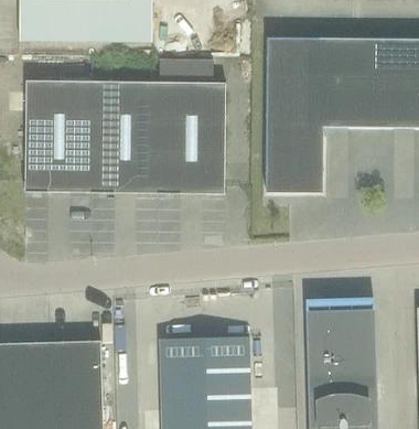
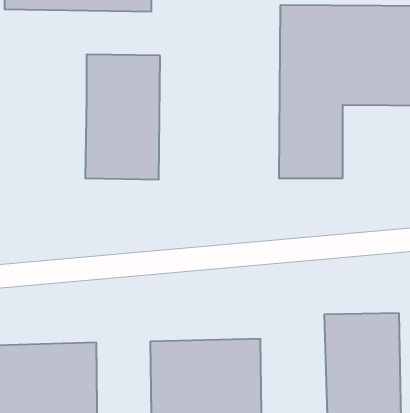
building: [159,60,226,193] -> none
building: [25,79,94,192] -> none

